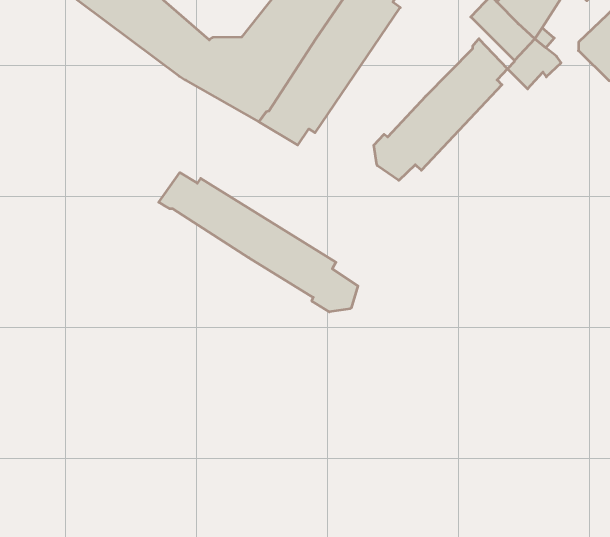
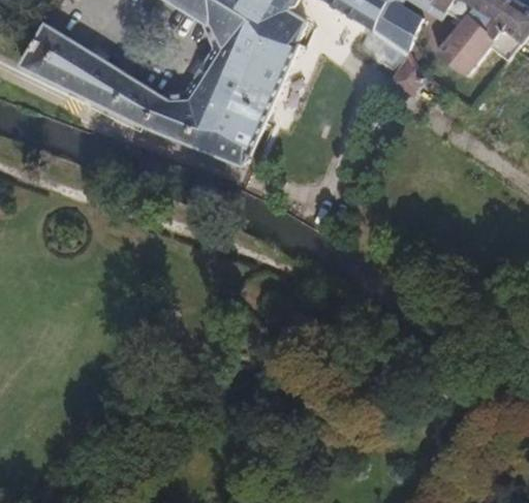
building: [374,39,507,180] -> none
building: [159,173,358,312] -> none

